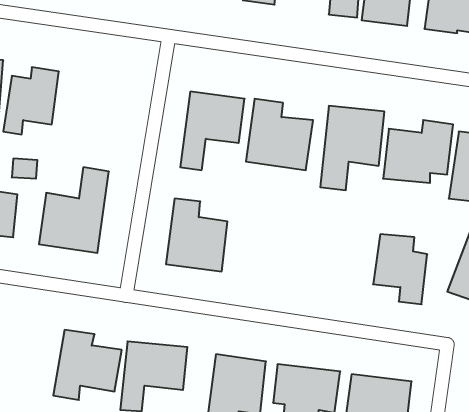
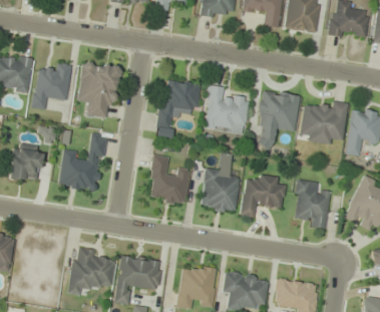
building: none -> [77,61,120,118]
building: none -> [200,168,241,213]
building: none -> [240,174,286,220]

